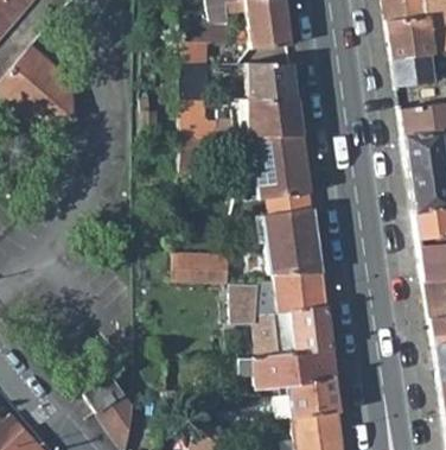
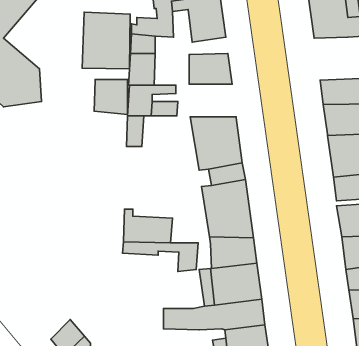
building: none -> [82,12,130,69]
building: [393,45,435,75] -> none
building: none -> [94,80,128,115]
building: [248,100,302,138] -> none

